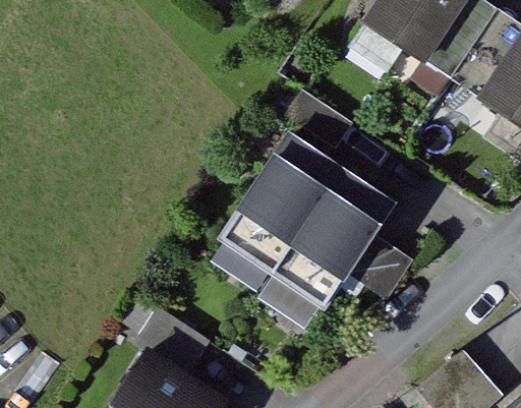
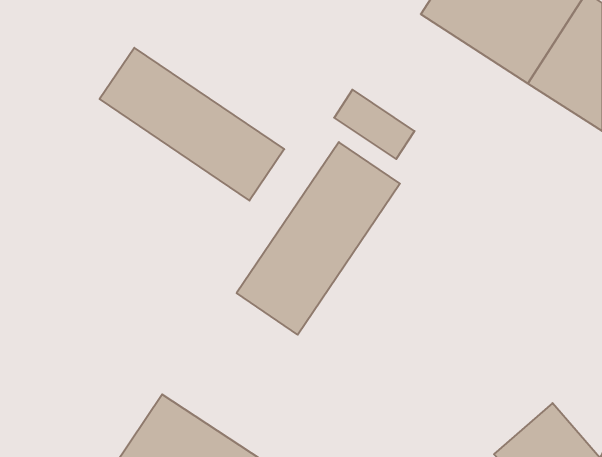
building: none -> [100,48,284,201]
building: [257,167,413,328] -> none

